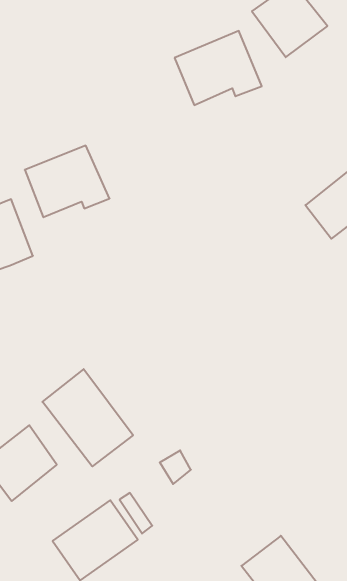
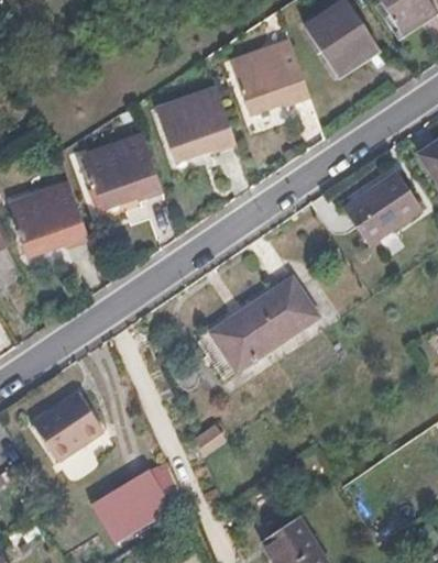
building: none -> [160,91,238,157]
building: none -> [210,279,317,372]
building: [42,369,133,466] -> none

